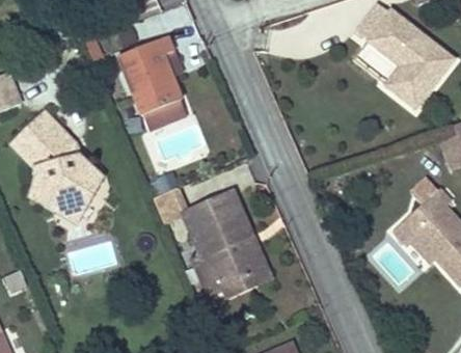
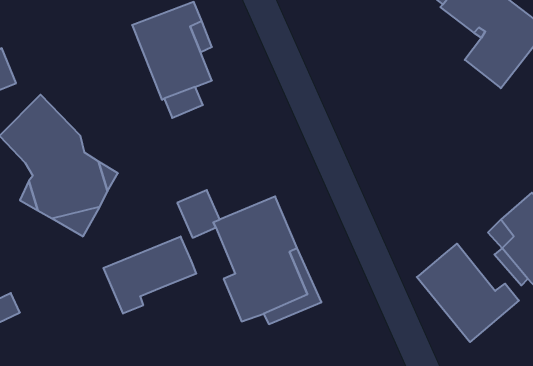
building: none -> [103,236,196,314]
building: none -> [417,244,519,342]

